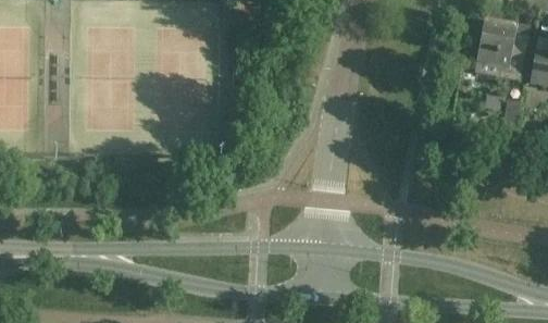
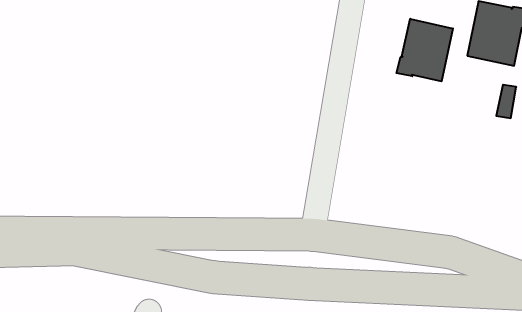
building: none -> [396,19,453,81]

